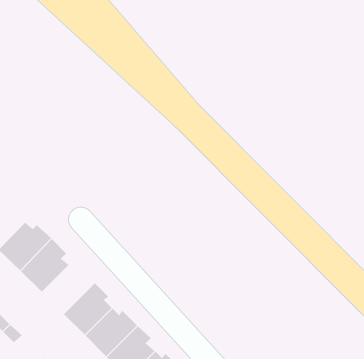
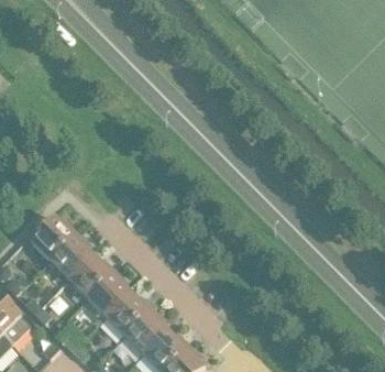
building: none -> [66,255,112,298]

